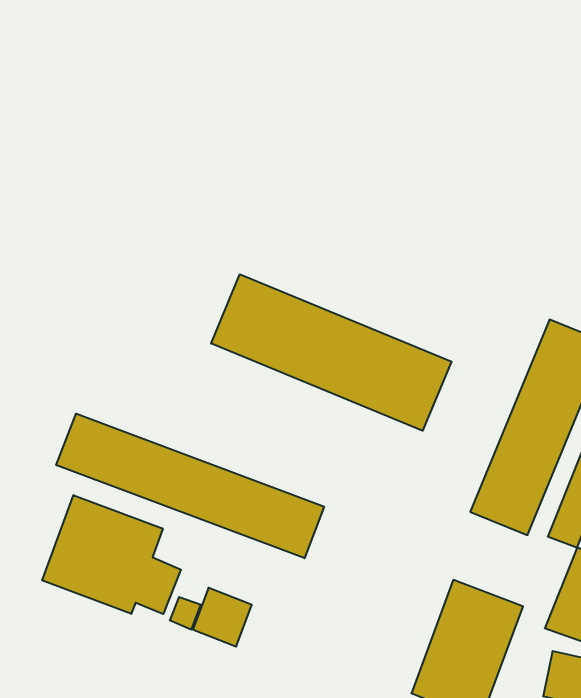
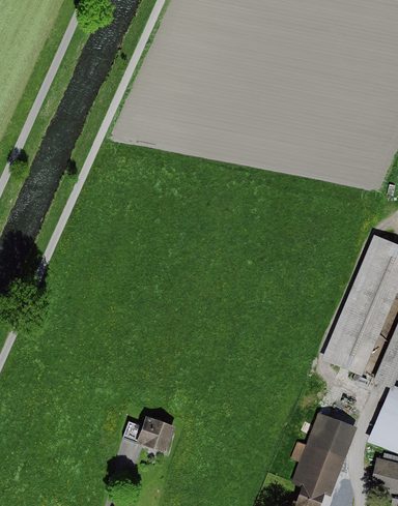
building: [211,274,451,431] -> none
building: [56,414,324,558] -> none
building: [42,495,181,614] -> none

